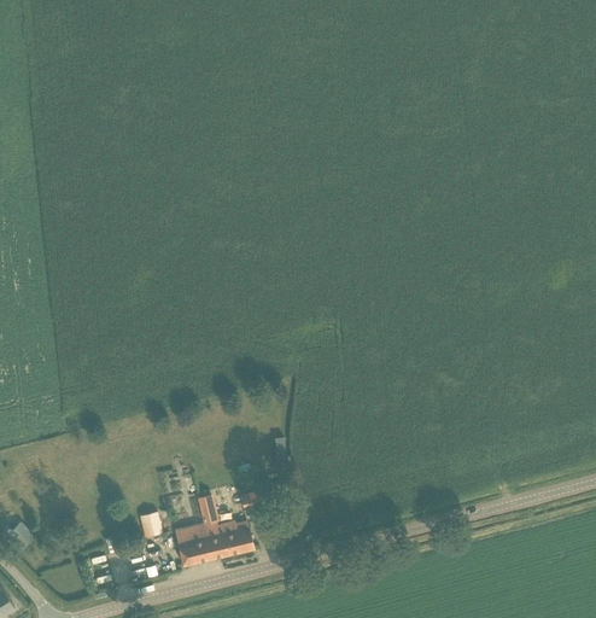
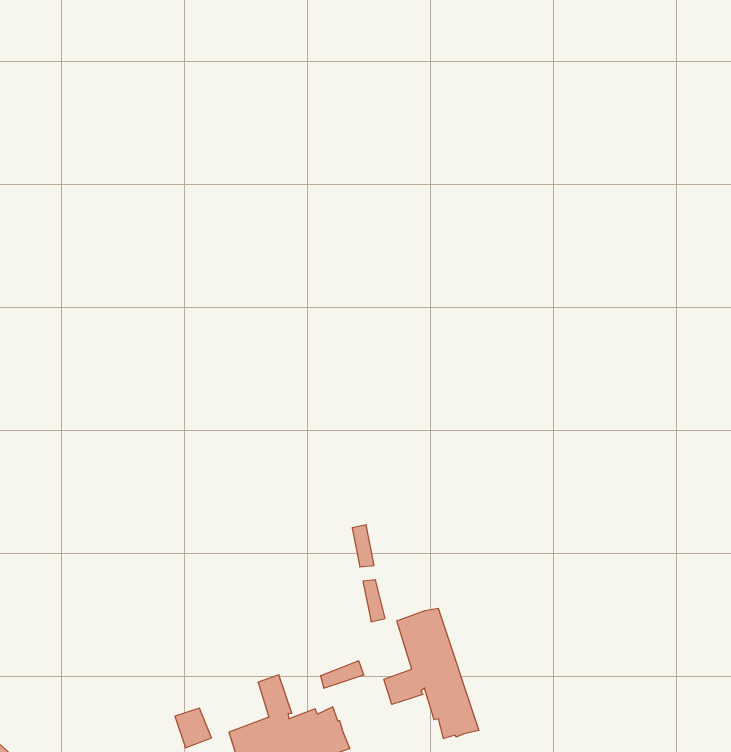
building: none -> [384,608,479,739]

